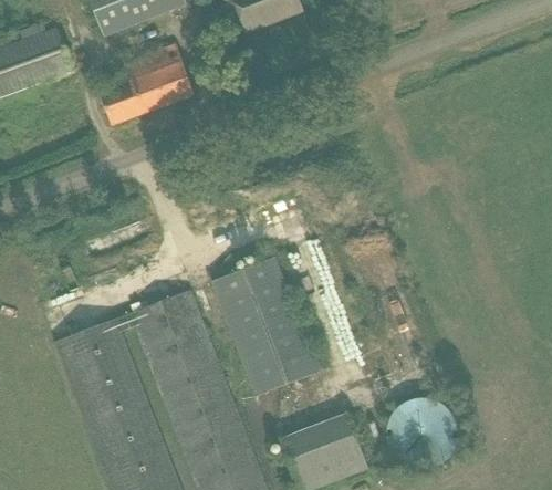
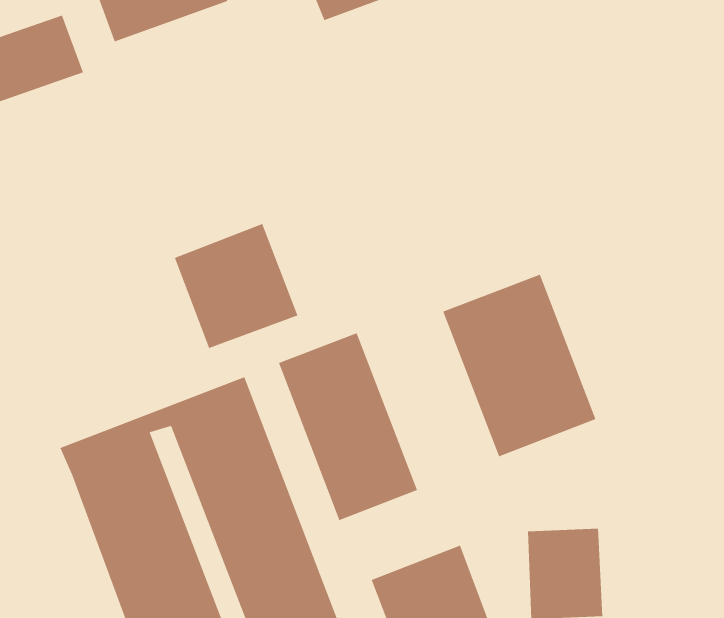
building: [98,41,194,123] -> none
building: none -> [174,223,298,349]
building: none -> [443,274,596,457]

